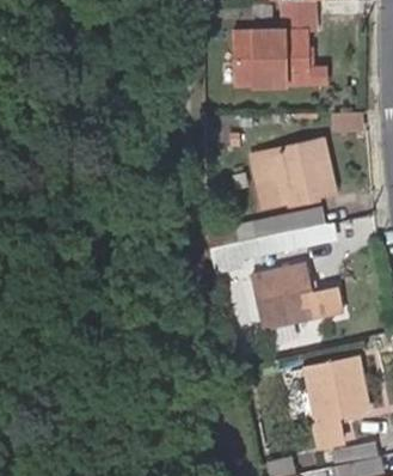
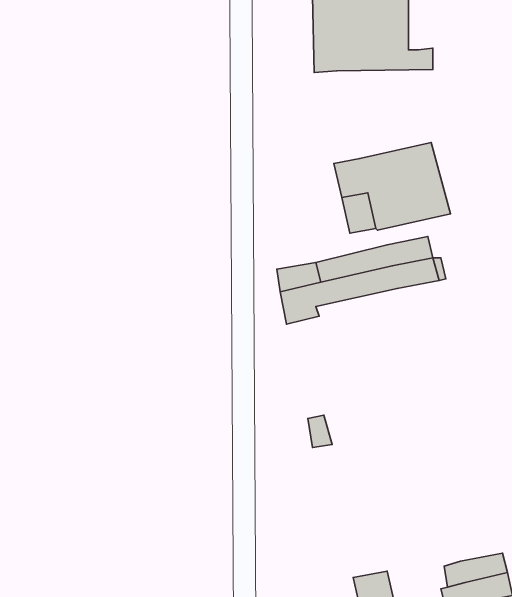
building: [253,262,343,328] -> none
building: [307,360,369,448] -> none

